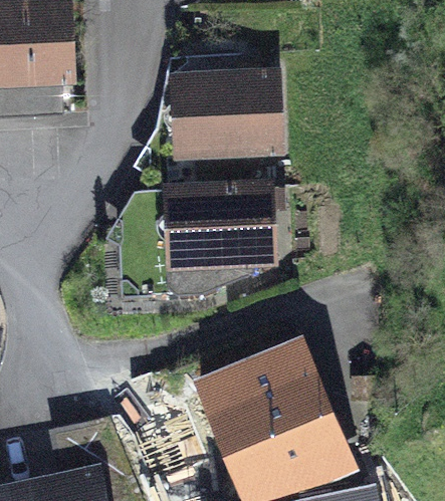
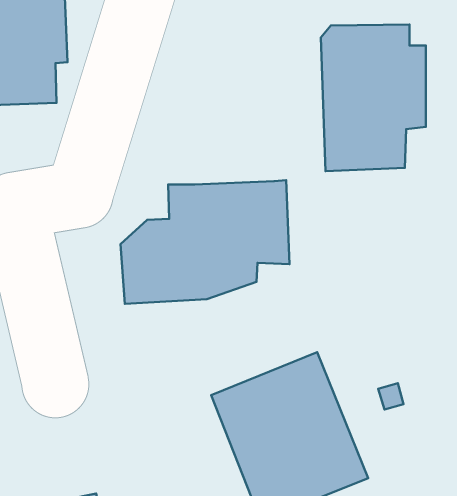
building: [182,56,277,190] -> [321,24,426,171]

